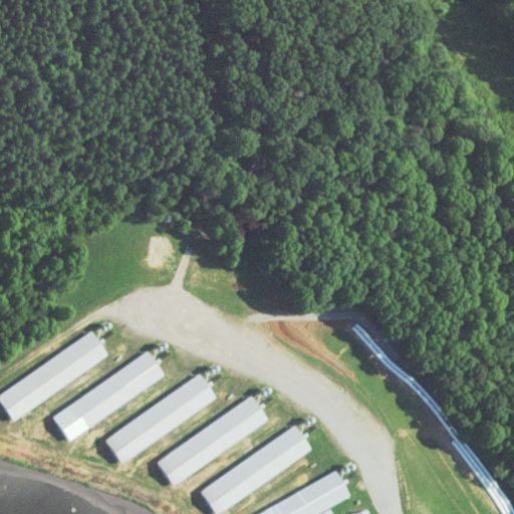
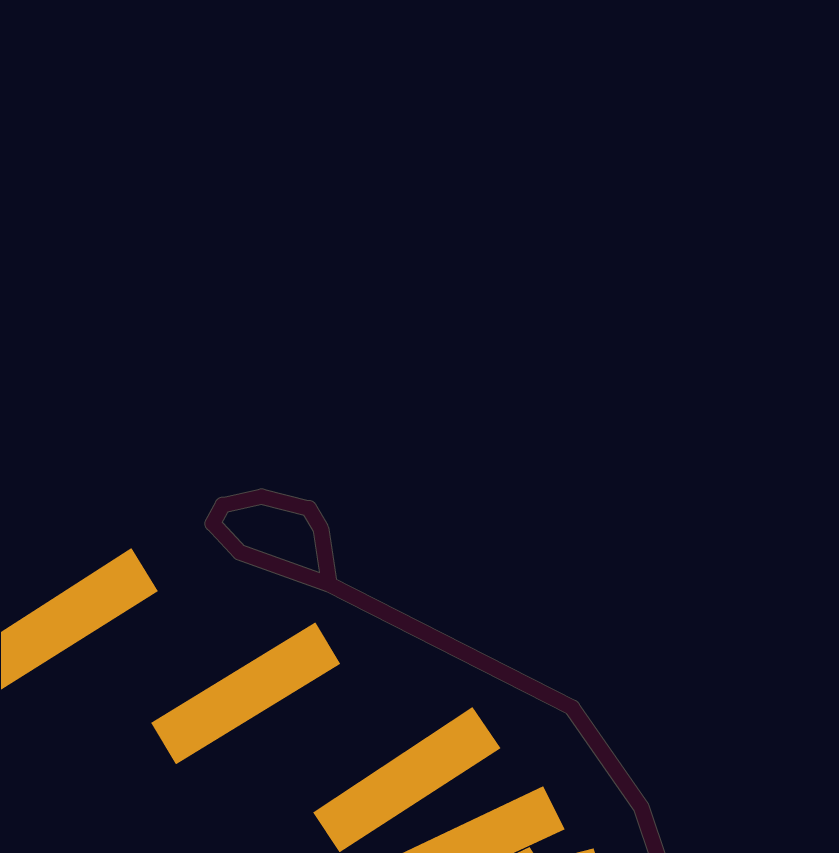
building: [52,352,165,439] -> none
building: [156,397,268,484] -> none

